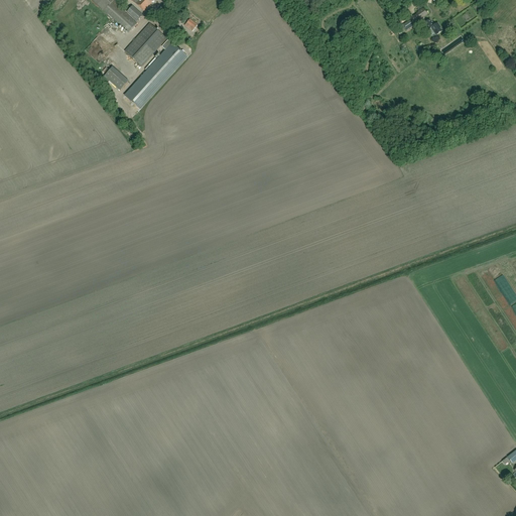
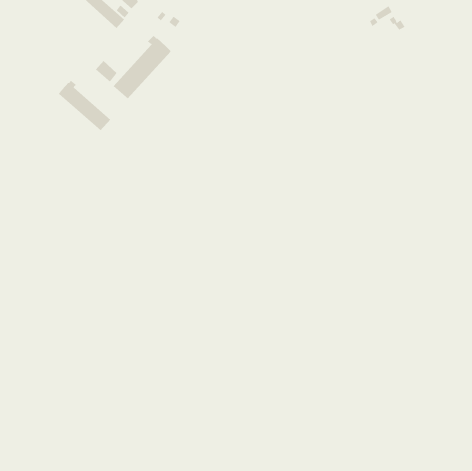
building: [124,22,165,64] -> none
building: none -> [58,80,111,131]

